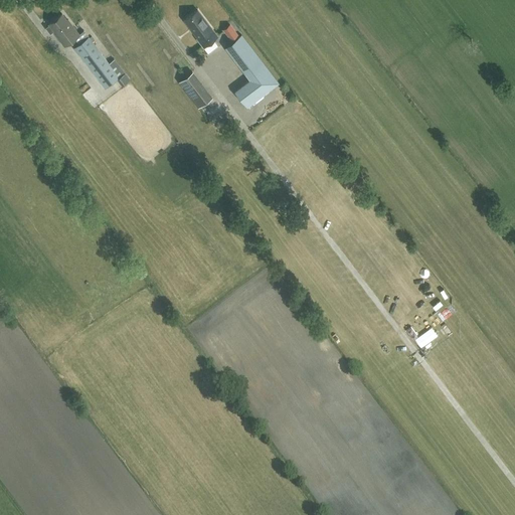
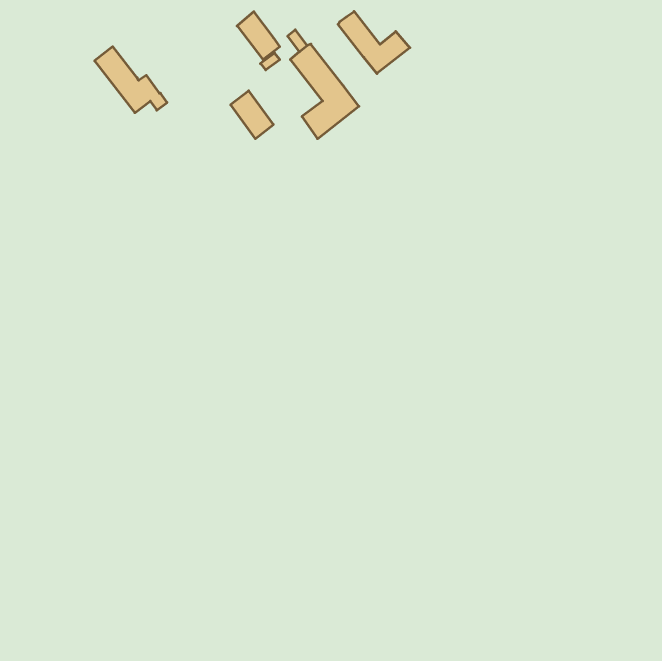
building: none -> [338,11,410,74]
building: [45,14,78,46] -> none

